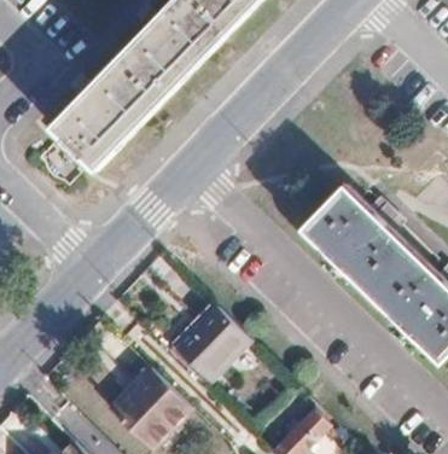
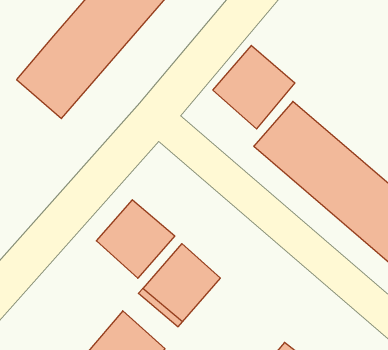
building: none -> [213,45,295,129]
building: none -> [96,200,175,278]

